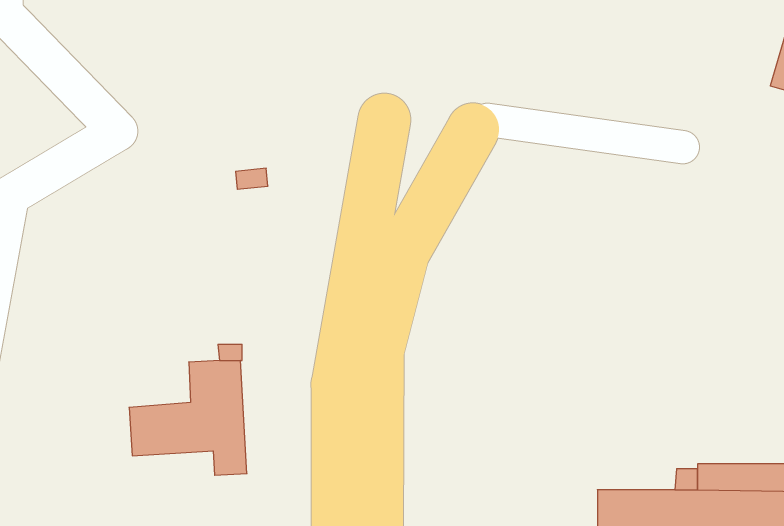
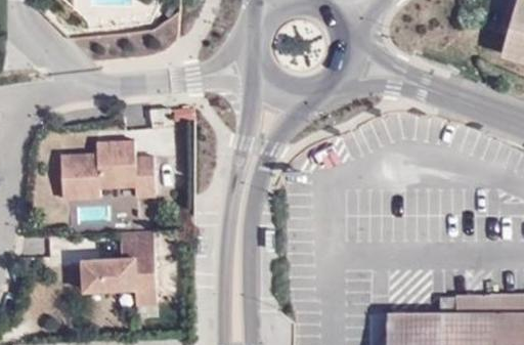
building: none -> [69,143,162,200]

